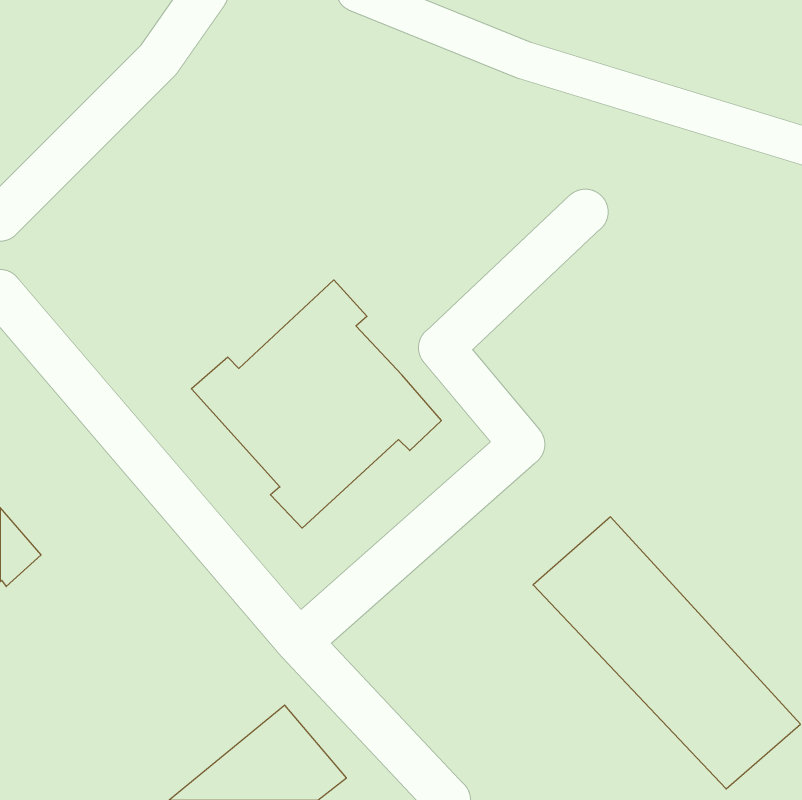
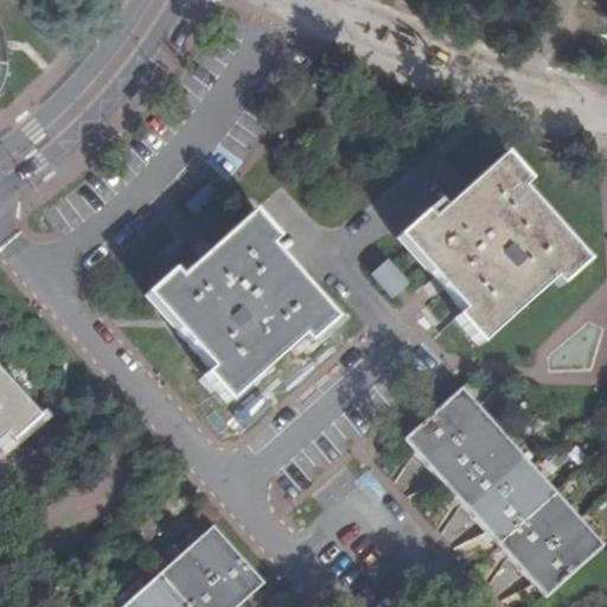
building: none -> [402,152,590,340]

